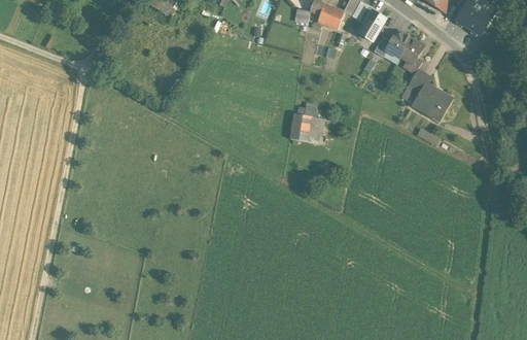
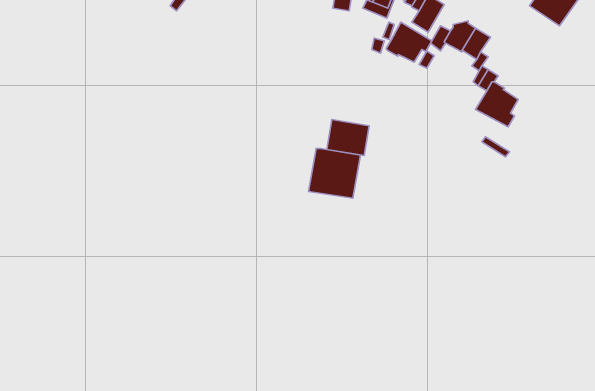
building: none -> [386,22,432,62]
building: none -> [309,148,361,198]

